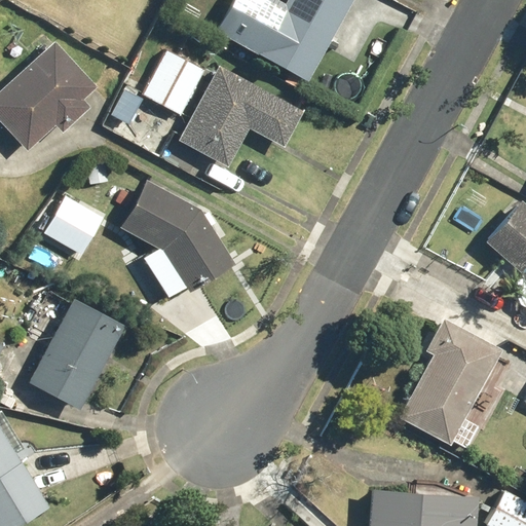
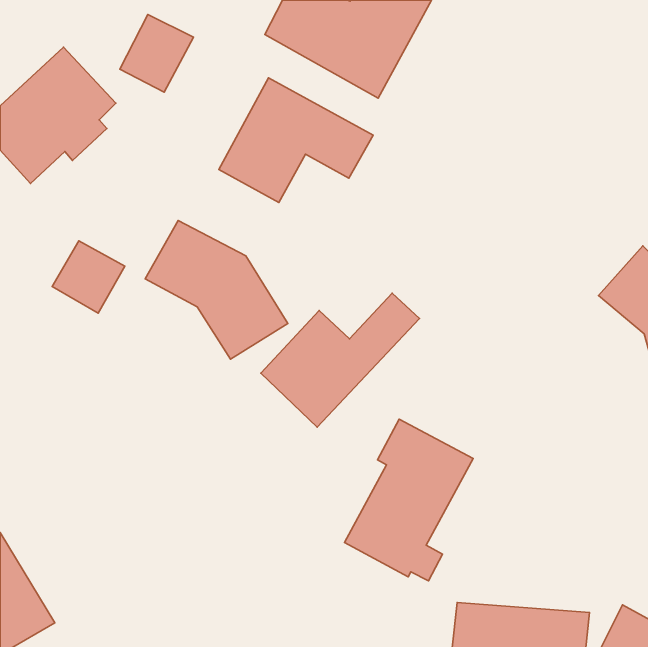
building: [144,52,203,115] -> [120,14,194,92]
building: none -> [261,293,419,427]
building: [28,299,123,410] -> none
building: [399,318,502,449] -> [345,419,473,581]

